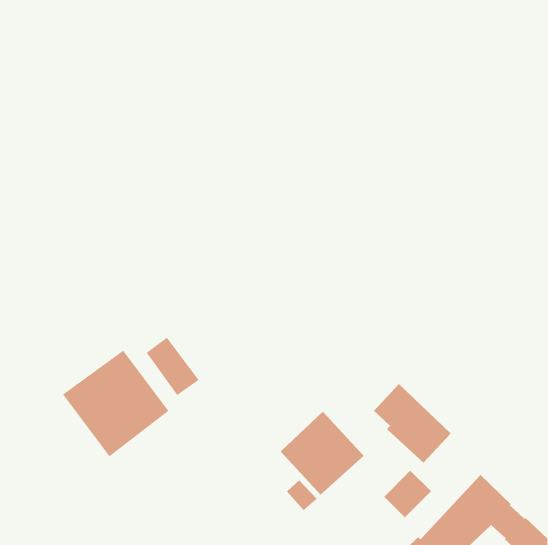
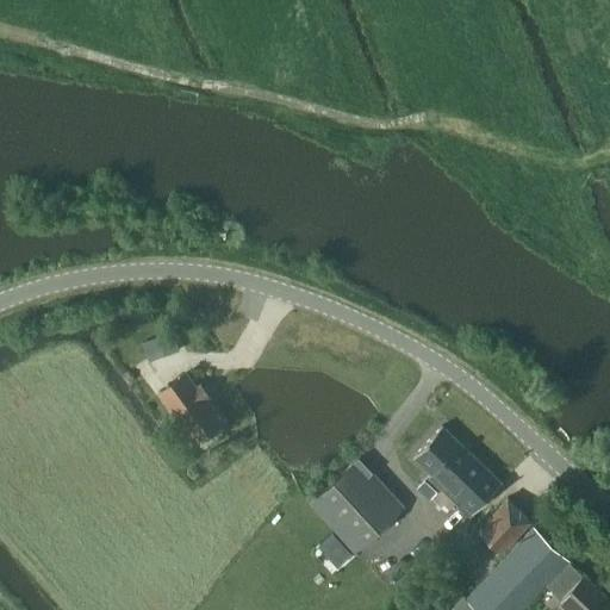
building: [62,350,169,457] -> none
building: [384,470,432,518] -> [478,500,531,554]

